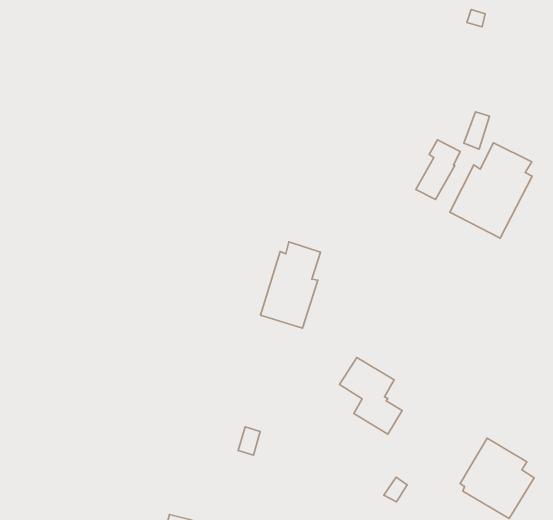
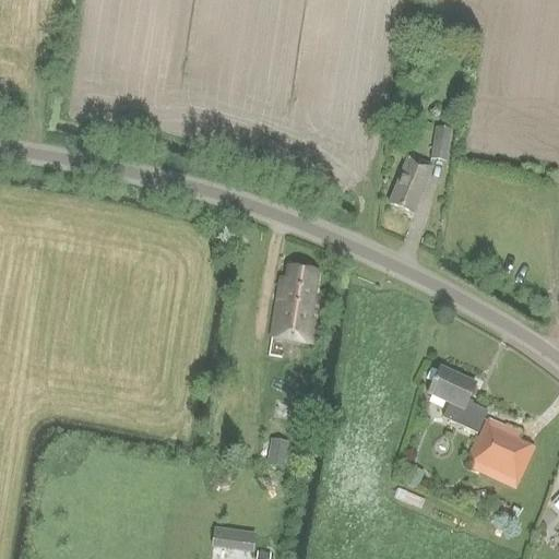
building: [450,143,532,238] -> none
building: [340,358,402,434] -> [428,367,487,431]

